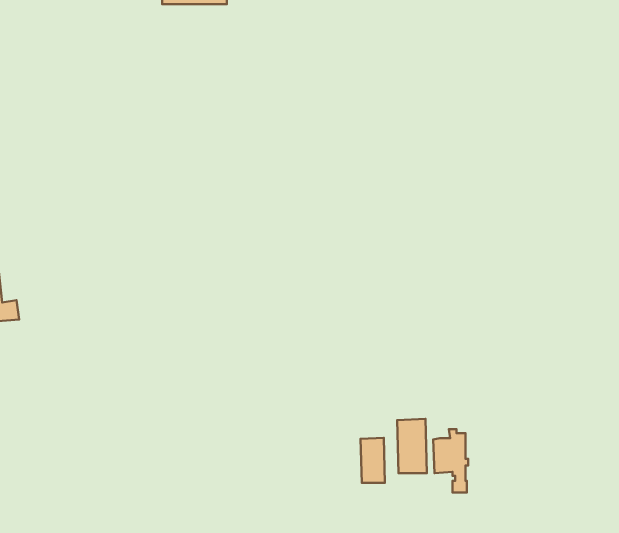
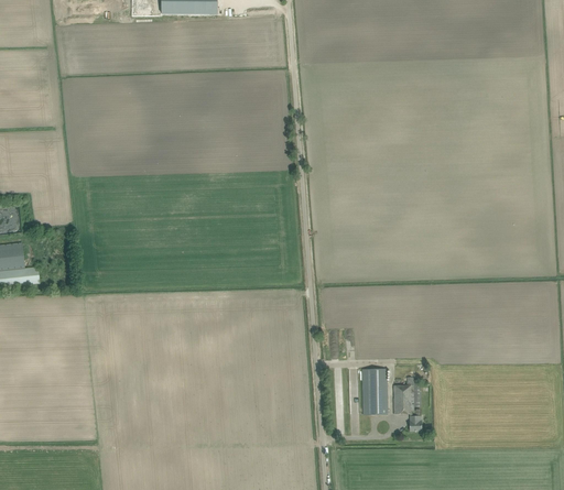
building: [361,438,385,483] -> none

